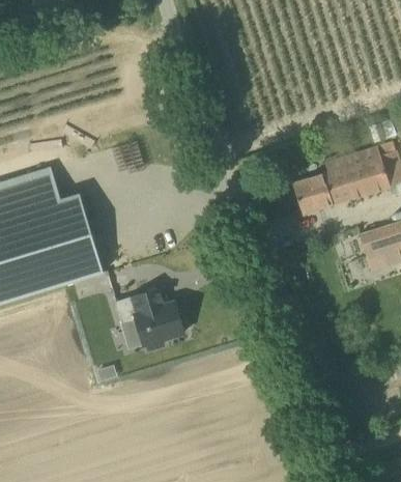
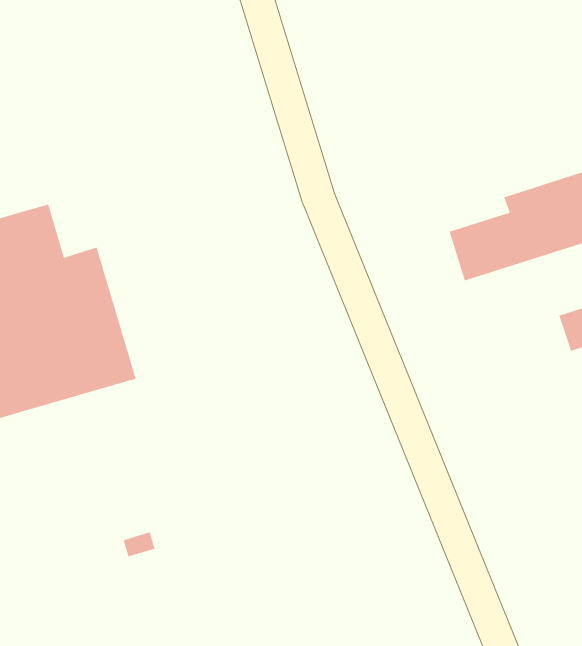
building: [114,287,183,348] -> none

